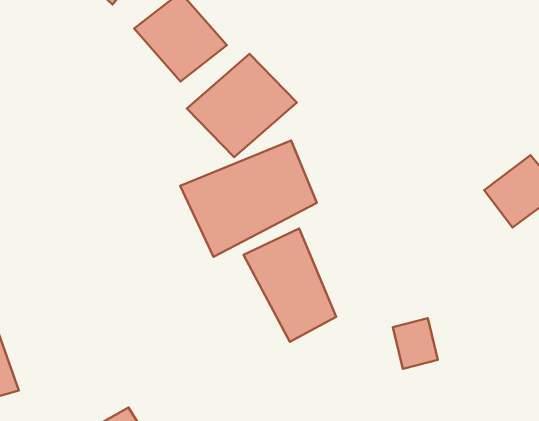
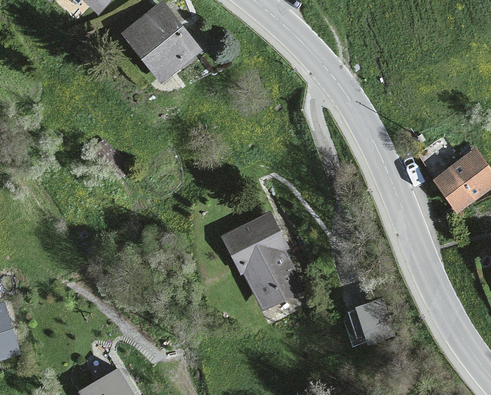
building: [187,54,297,157] -> none
building: [180,140,317,257] -> none

